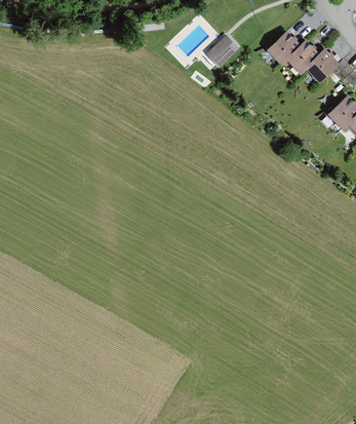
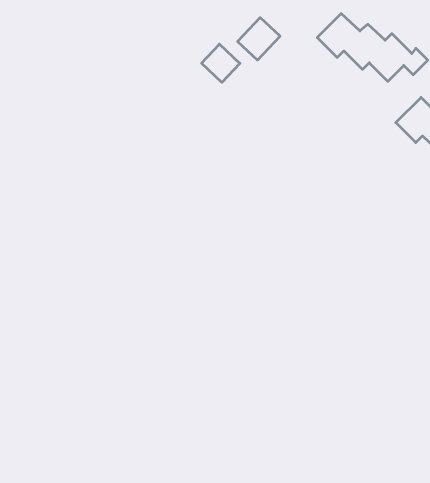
building: none -> [202,44,240,82]

